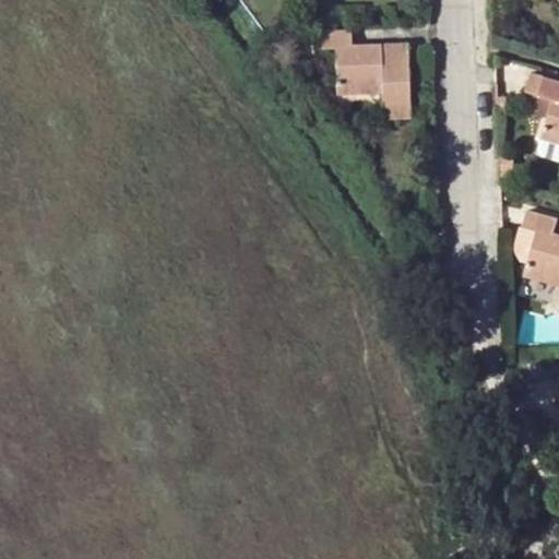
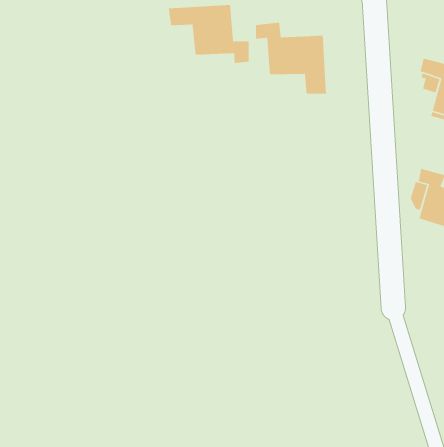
building: none -> [168,4,250,64]

